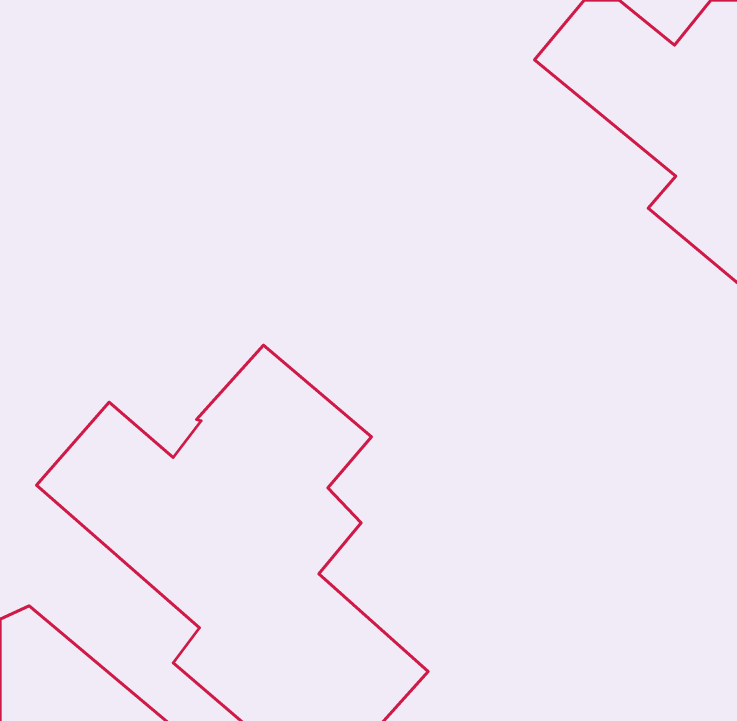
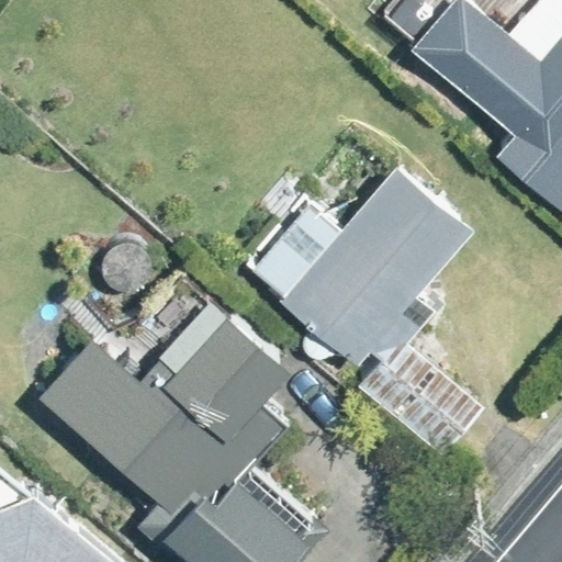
building: none -> [276,151,471,359]
building: none -> [362,337,483,454]

